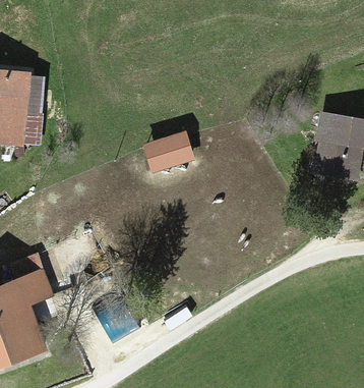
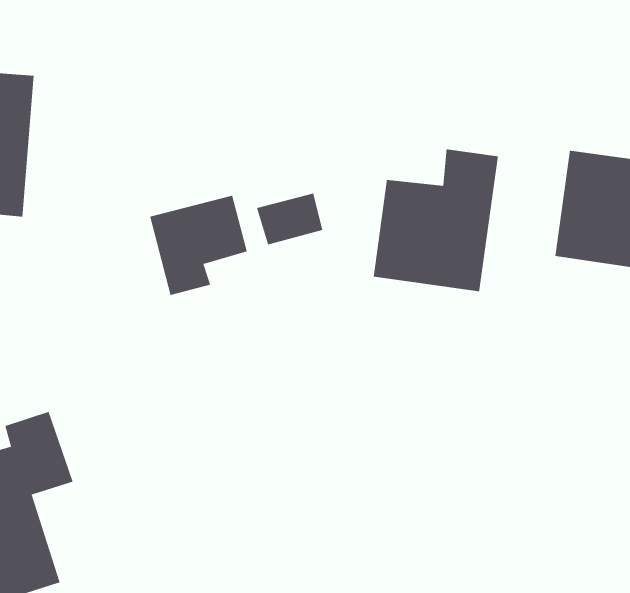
building: none -> [373,149,499,292]
building: none -> [150,195,248,296]

